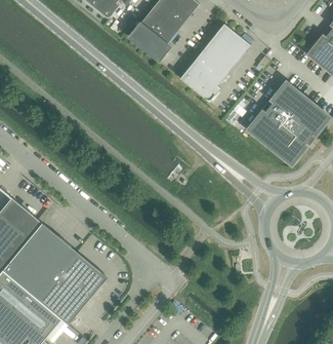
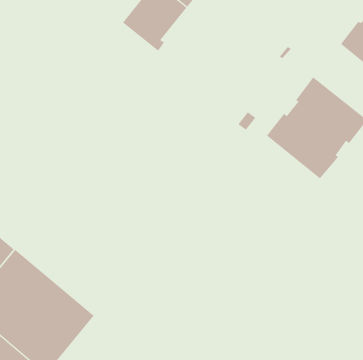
building: [179,23,250,102] -> none

